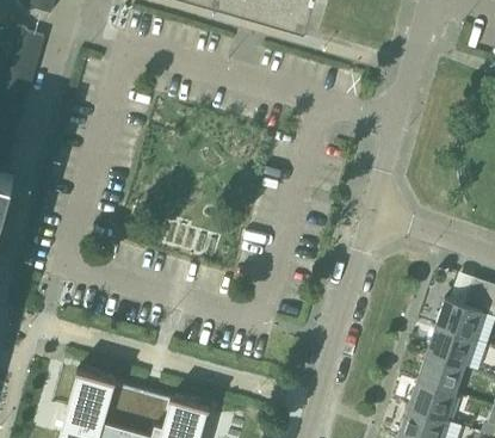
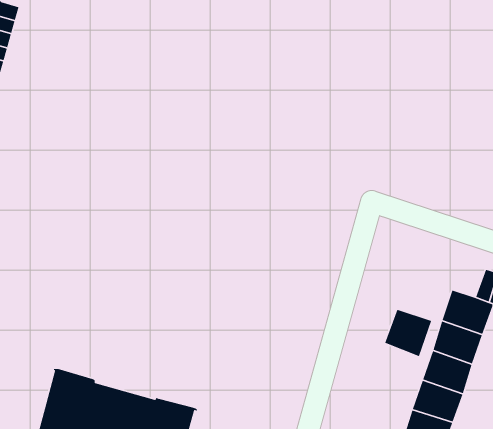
building: none -> [384,309,432,357]

